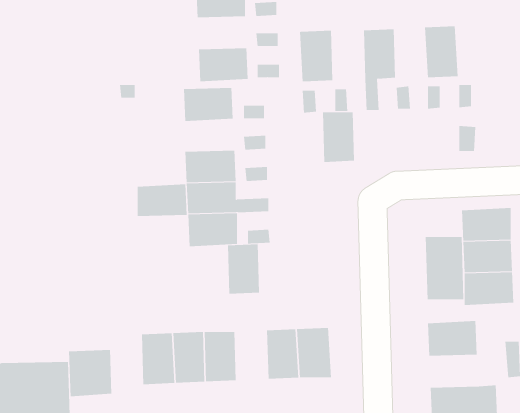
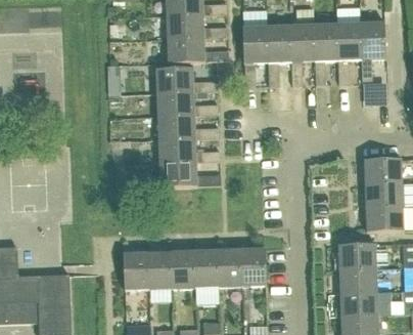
building: none -> [166,14,203,39]
building: none -> [360,20,385,59]
building: none -> [314,23,338,60]
building: [322,112,355,162] -> [267,25,291,62]
building: [137,184,187,217] -> [156,91,194,116]
building: [425,236,464,300] -> none
building: [227,244,260,294] -> [194,250,219,288]
building: [69,349,112,397] -> none
building: none -> [339,268,377,293]

